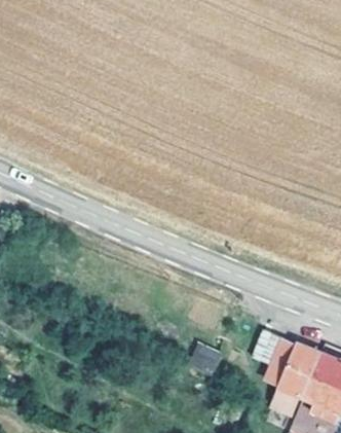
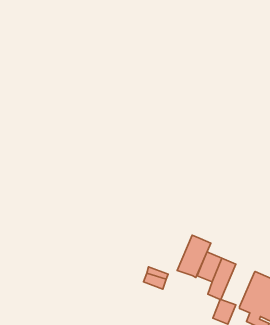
building: [281,345,320,394] -> [177,235,211,277]

